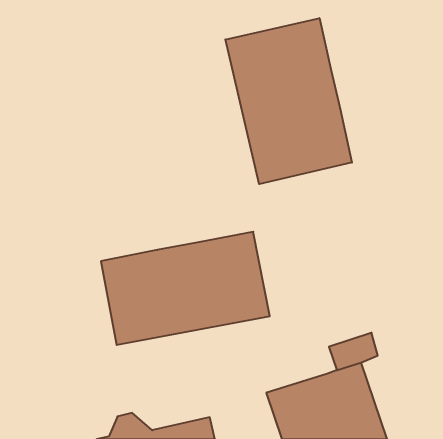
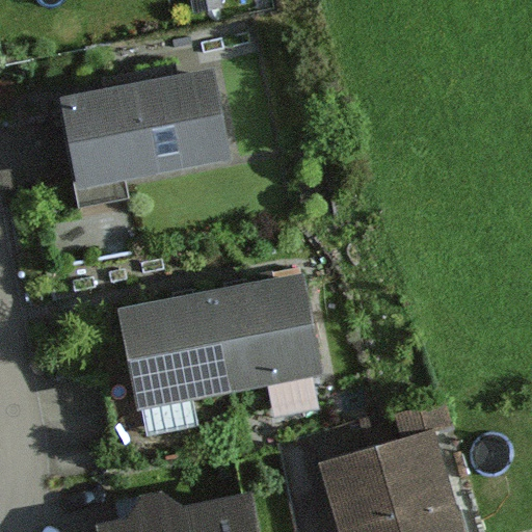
building: [225,18,352,184] -> none
building: none -> [59,65,231,206]

